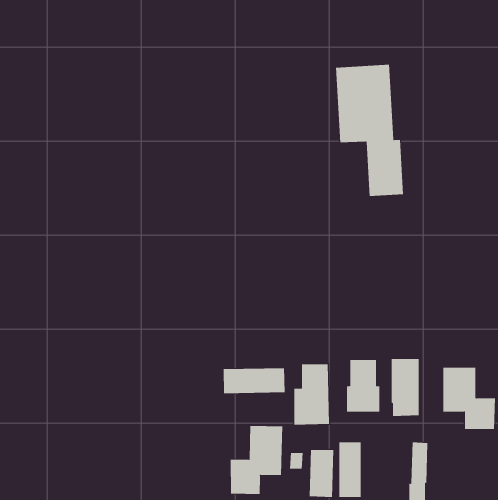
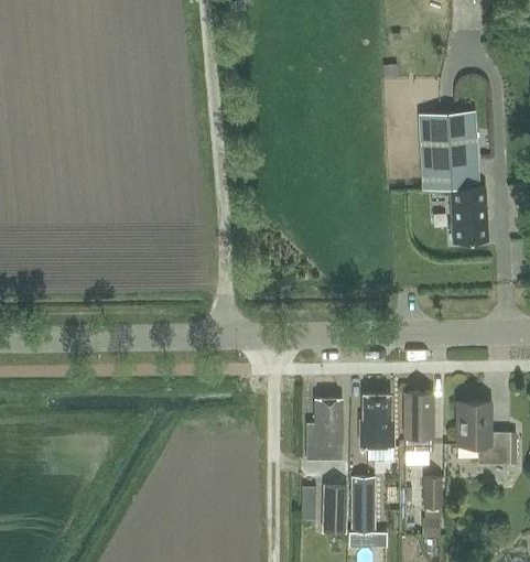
building: [335,64,404,197] -> [419,111,488,245]
building: [223,367,285,394] -> none
building: [230,425,283,495] -> none

